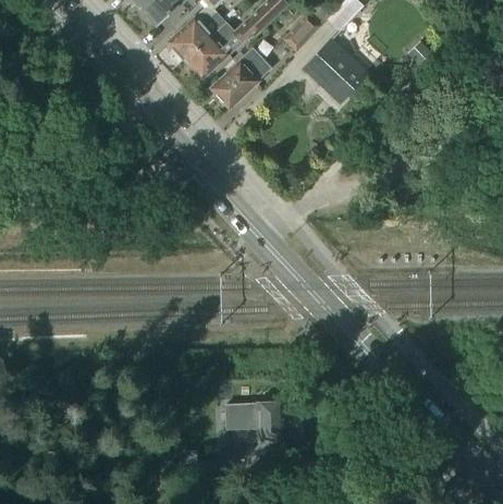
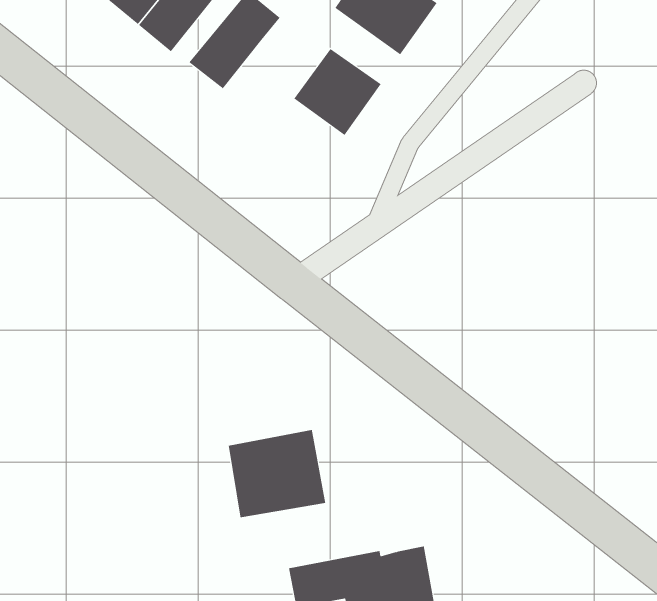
building: none -> [294,48,381,136]
building: none -> [228,429,326,518]

